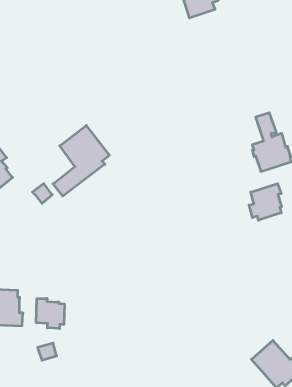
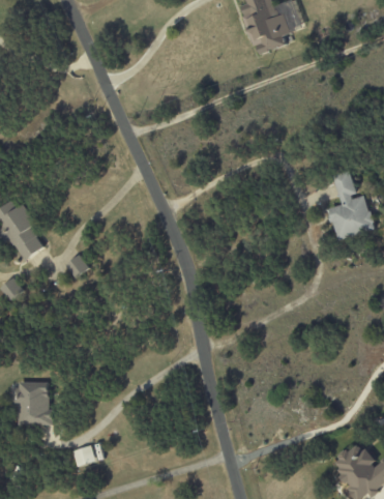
building: [53,125,109,196] -> none
building: [249,184,281,220] -> none
building: [36,298,64,329] -> none

